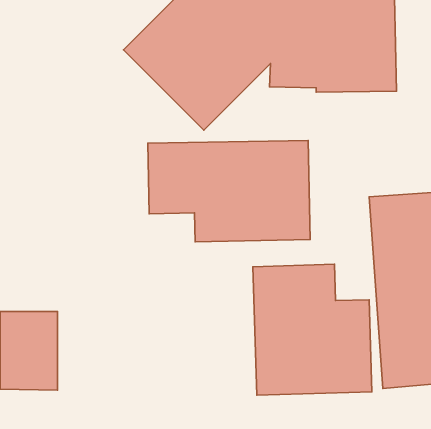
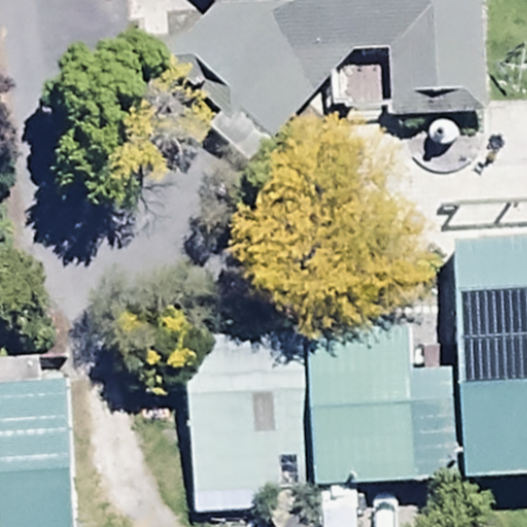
building: [148,140,310,242] -> none
building: none -> [185,331,302,517]

